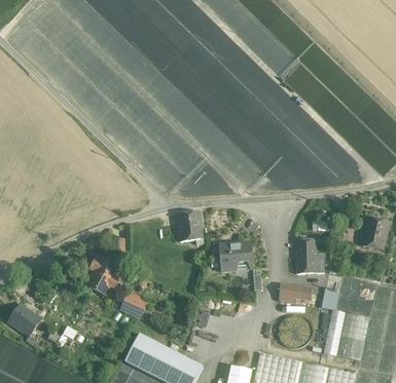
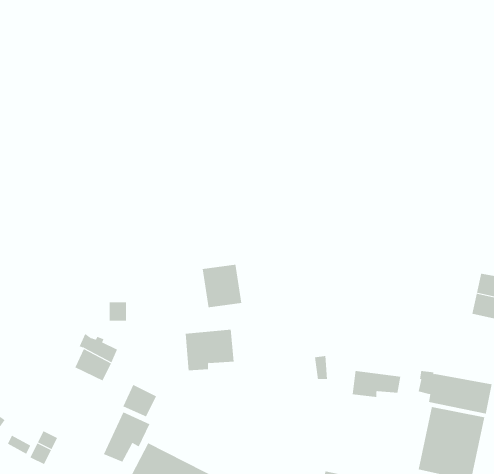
building: [295,239,323,274] -> none
building: [218,242,252,271] -> [185,329,234,371]
building: none -> [103,411,150,462]

